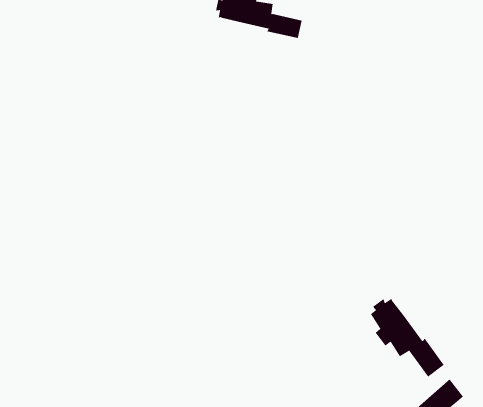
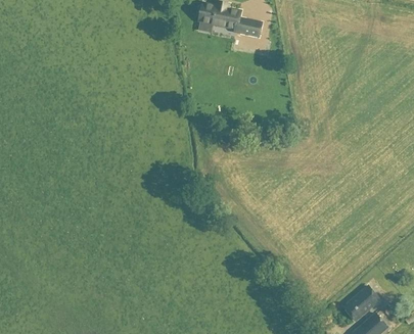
building: [370,298,445,377] -> none

